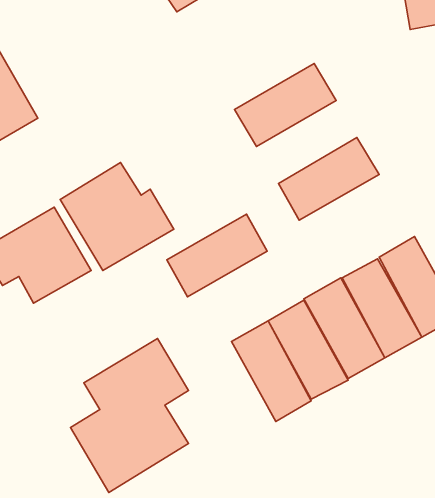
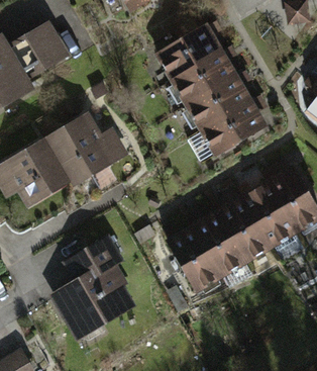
building: none -> [19,17,67,67]
building: none -> [151,21,220,78]
building: [167,214,267,297] -> [182,72,250,128]

